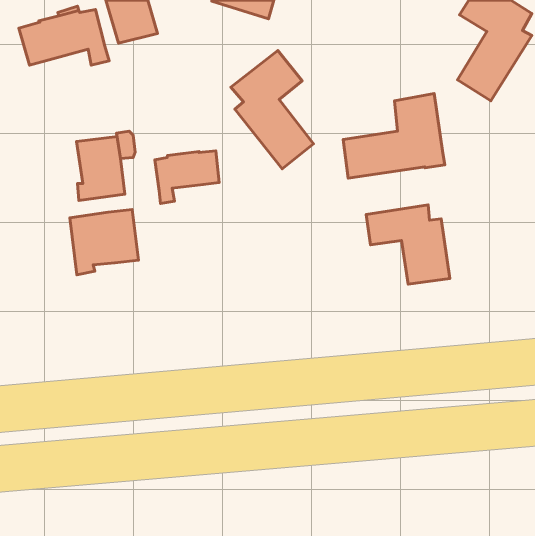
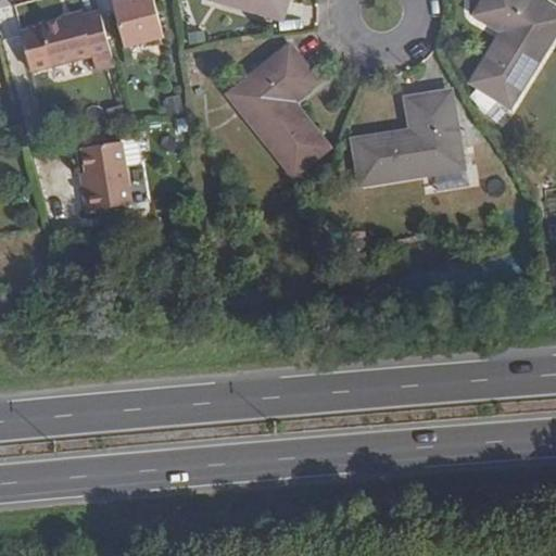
building: [155,151,219,203] -> none
building: [366,205,450,284] -> none
building: [70,210,139,275] -> none

